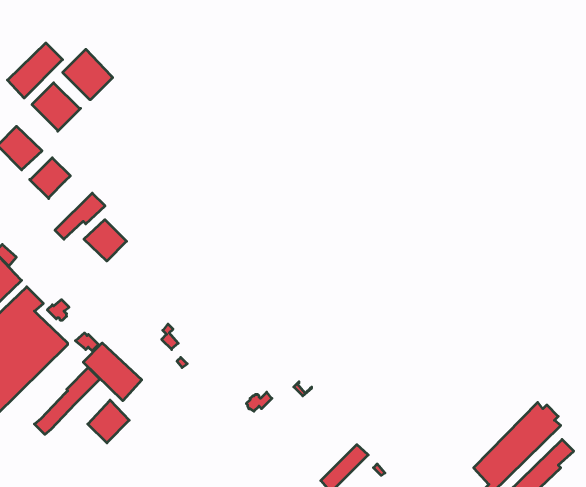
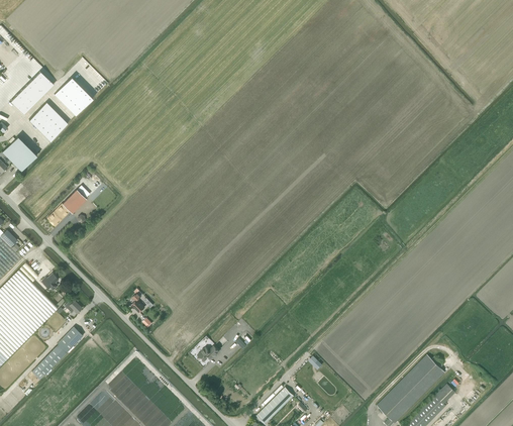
building: [30,158,70,199] -> none
building: [84,220,127,261] -> none
building: [83,343,142,401] -> none
building: [88,400,129,443] -> none

